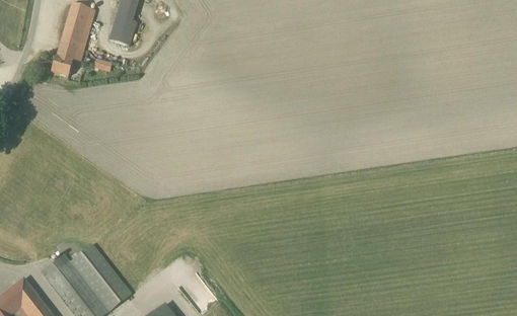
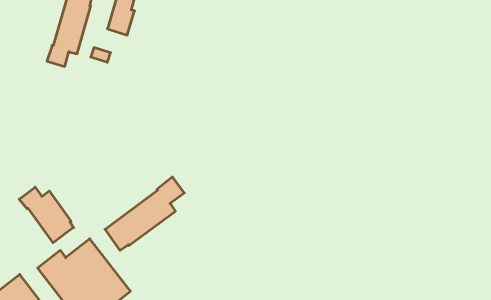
building: none -> [105,177,184,250]
building: none -> [19,187,74,243]

